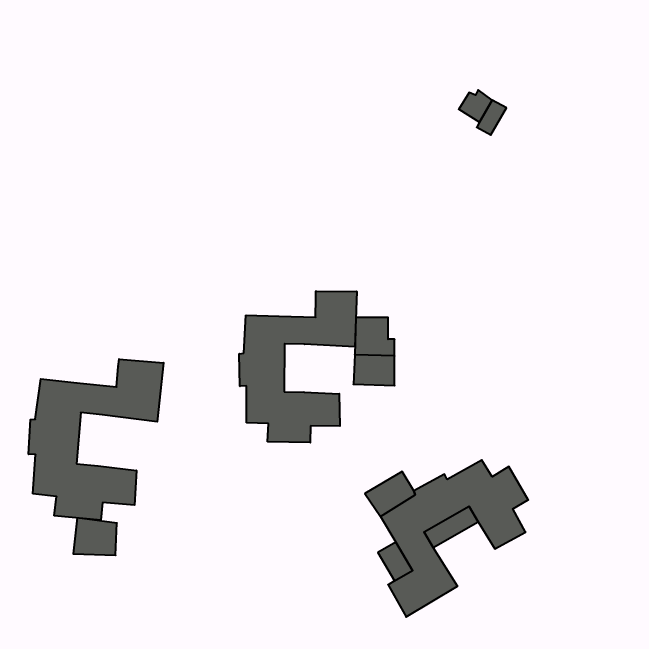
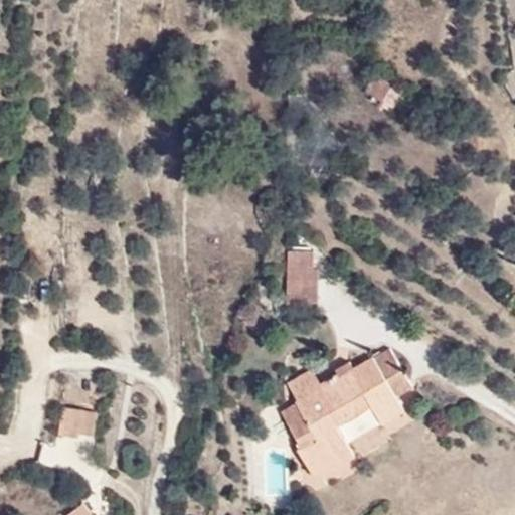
building: [239,291,357,443] -> none
building: [29,359,164,520] -> none

